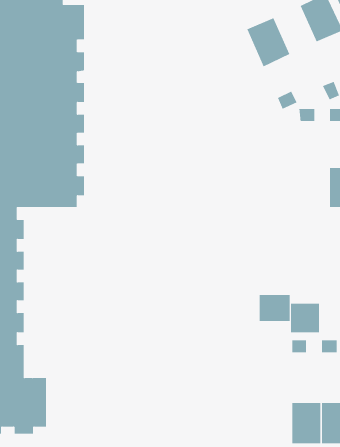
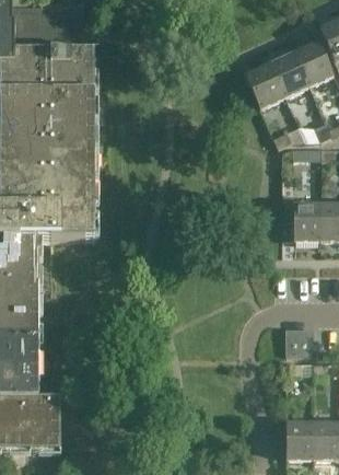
building: none -> [269,53,308,97]
building: none -> [293,202,320,240]
building: [259,294,290,322] -> none

